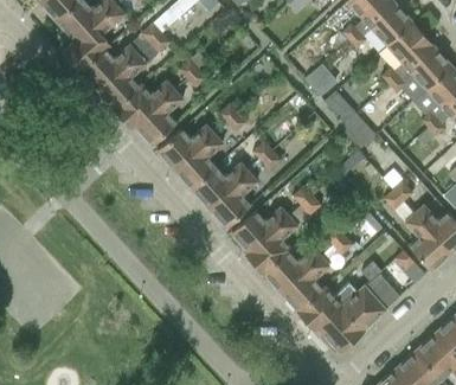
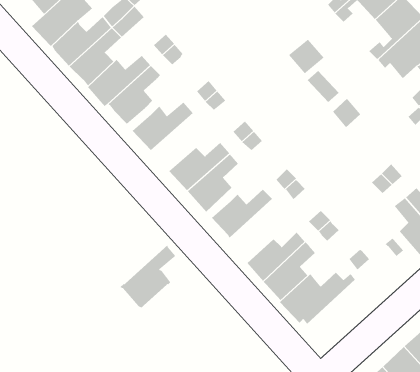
building: [175,134,224,188] -> none
building: [245,214,298,275] -> [120,244,176,309]
building: [322,290,386,353] -> none

